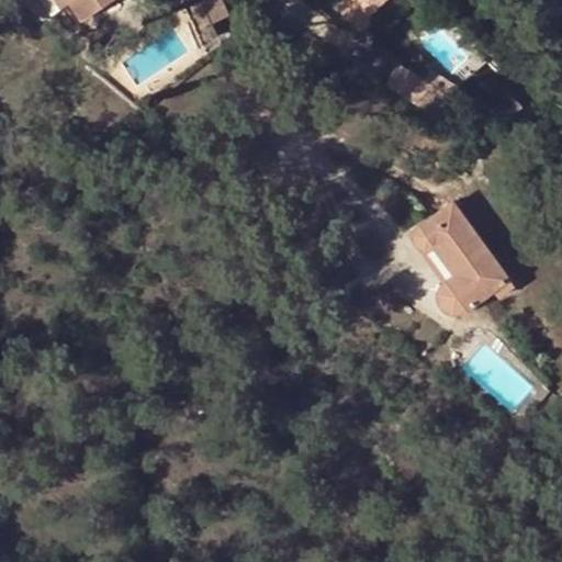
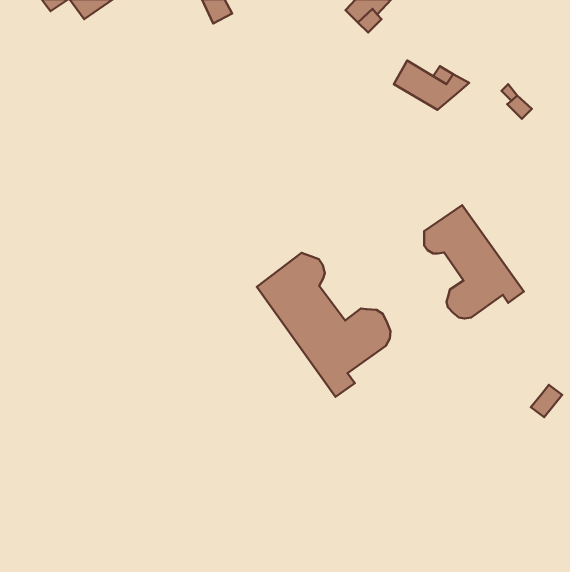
building: none -> [257,253,390,397]

